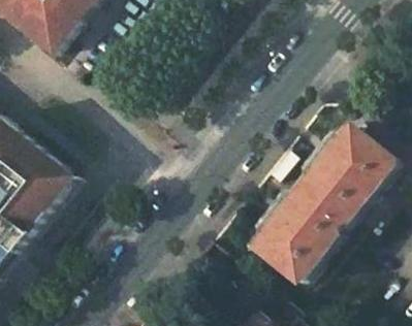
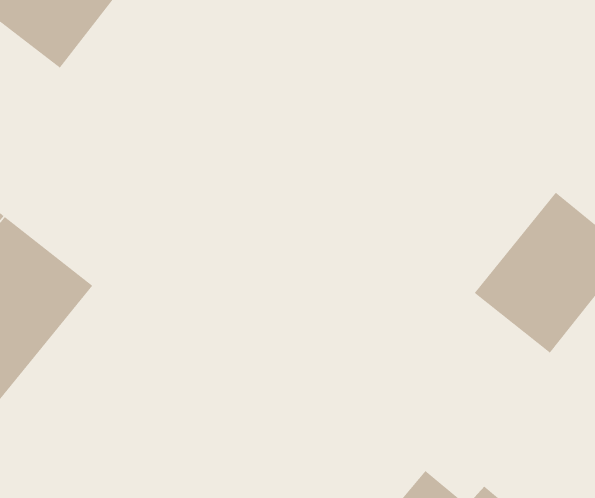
building: [251,185,345,281] -> none

